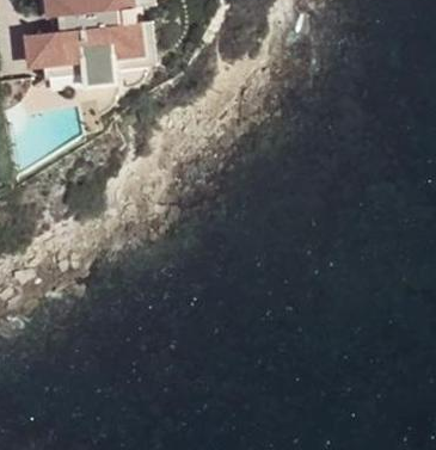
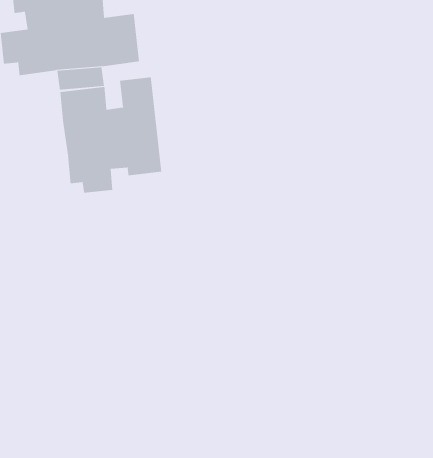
building: none -> [60,76,162,194]

